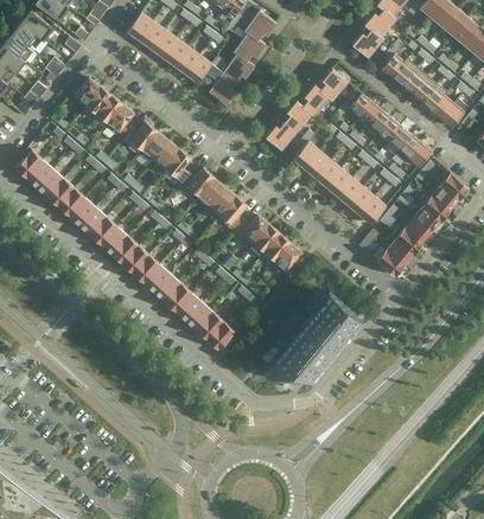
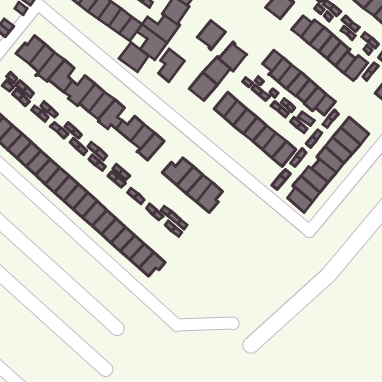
building: [316,69,348,102] -> [197,20,225,50]
building: none -> [119,42,149,72]
building: none -> [159,49,184,82]
building: [217,197,247,232] -> none
building: [261,291,361,383] -> none

